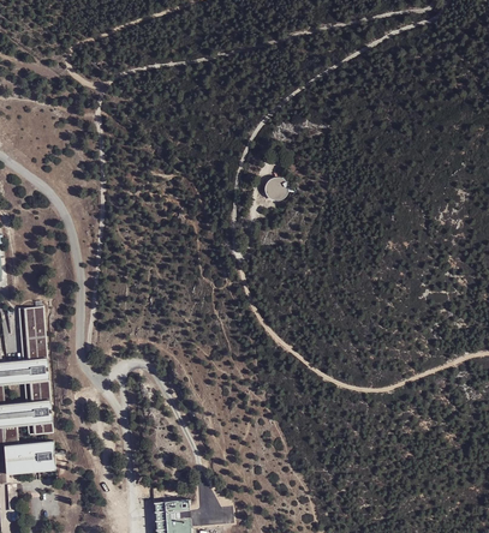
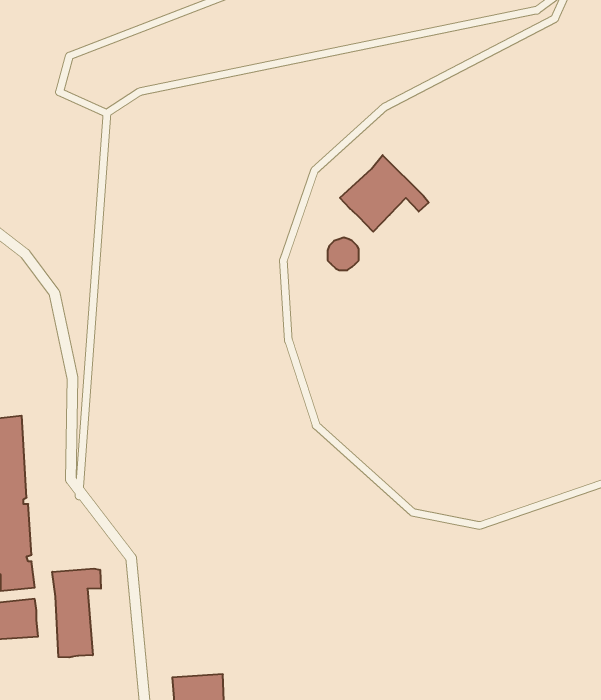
building: none -> [340,155,429,232]
building: none -> [52,569,101,657]

